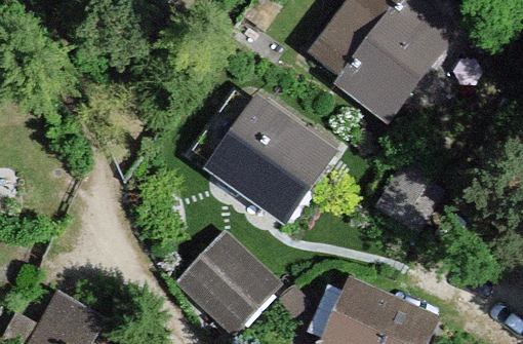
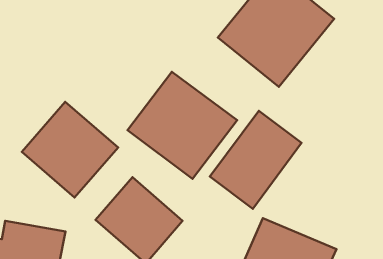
building: none -> [22,102,118,198]
building: none -> [210,111,302,209]

